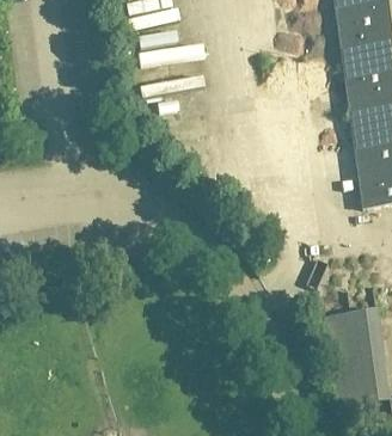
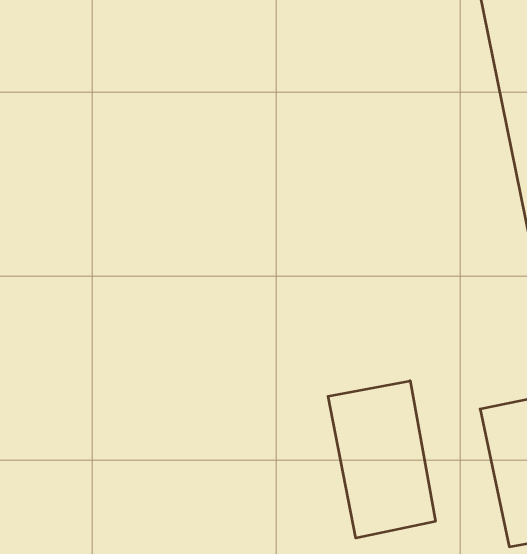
building: none -> [328,381,435,538]

